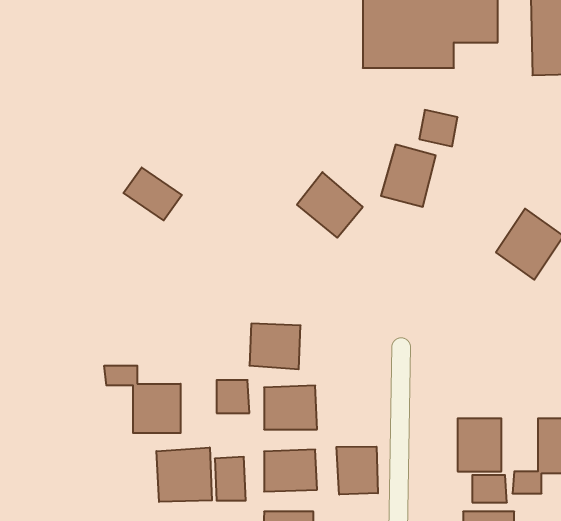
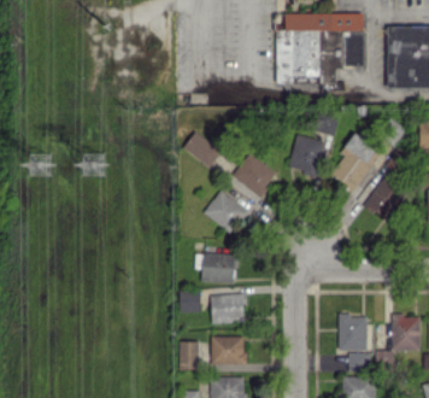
building: none -> [330,133,382,191]
building: [123,167,182,220] -> [183,133,222,168]
building: none -> [204,191,247,233]
building: [104,366,181,433] -> none
building: [336,447,378,495] -> none
building: [156,447,212,502] -> none

